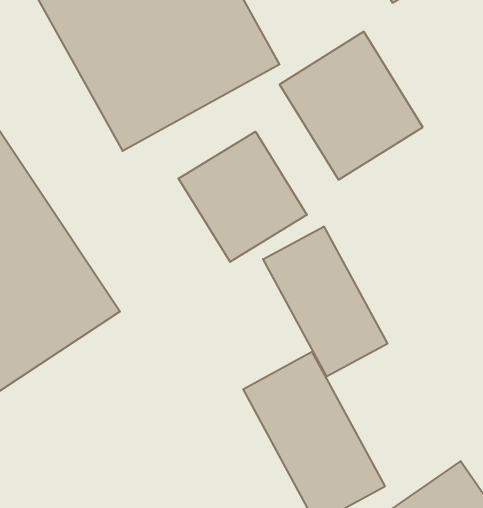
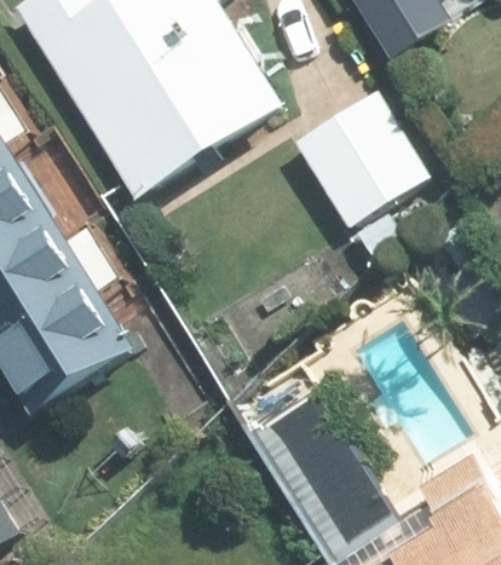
building: [178,132,307,262] -> none
building: [263,226,387,376] -> none

